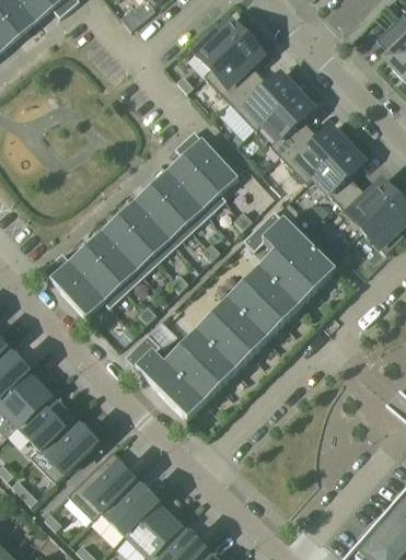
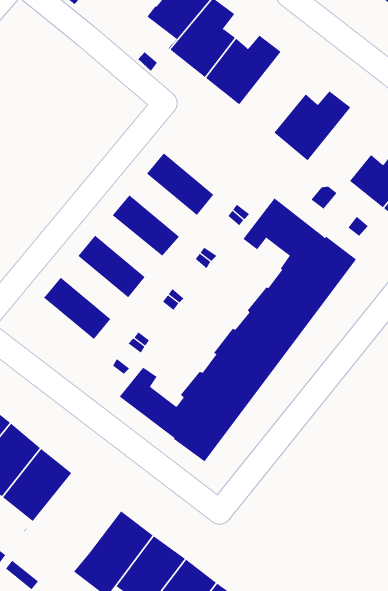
building: [254,89,311,154] -> none
building: [173,129,236,199] -> none
building: [304,142,362,202] -> none
building: [153,174,207,230] -> none
building: [120,205,174,259] -> none
building: [88,234,141,290] -> none
building: [42,250,108,316] -> none
building: [30,412,100,481] -> none

